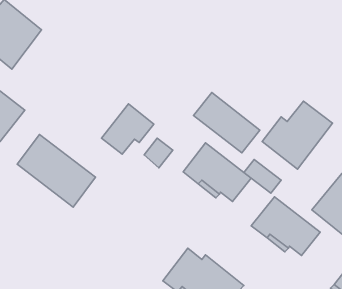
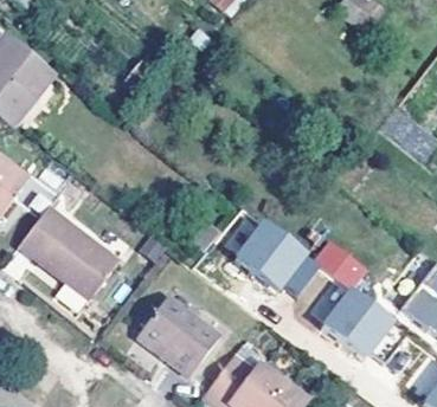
building: [194,93,260,153] -> none
building: [262,101,333,169] -> none
building: [101,104,154,154] -> none
building: none -> [140,295,223,376]

